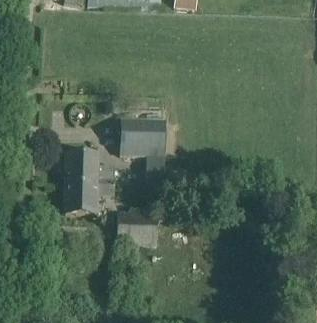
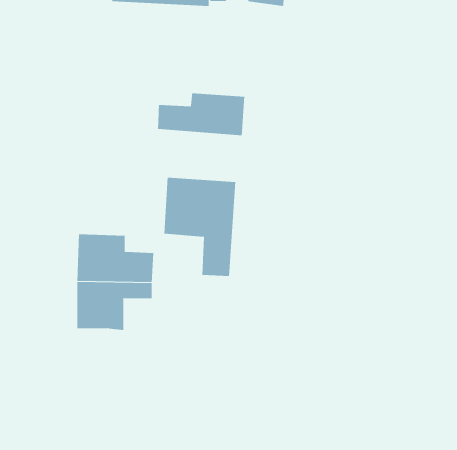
building: none -> [158,93,245,136]
building: [115,211,158,245] -> none

